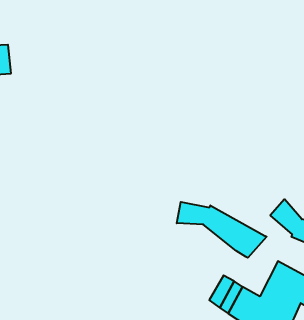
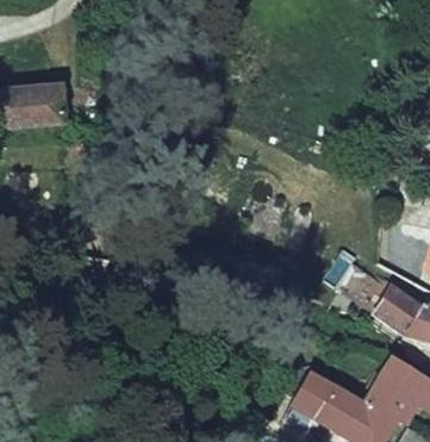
building: [177,202,267,258] -> none

